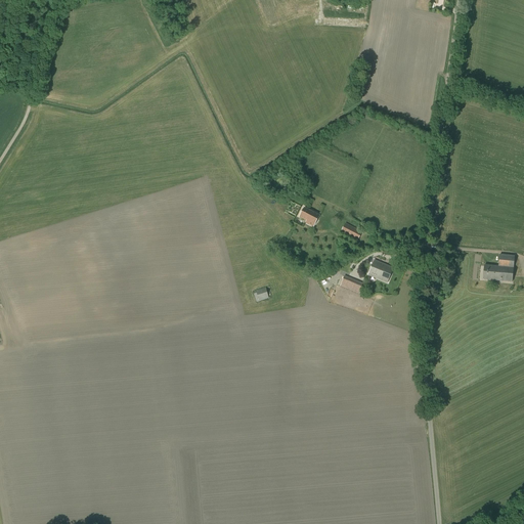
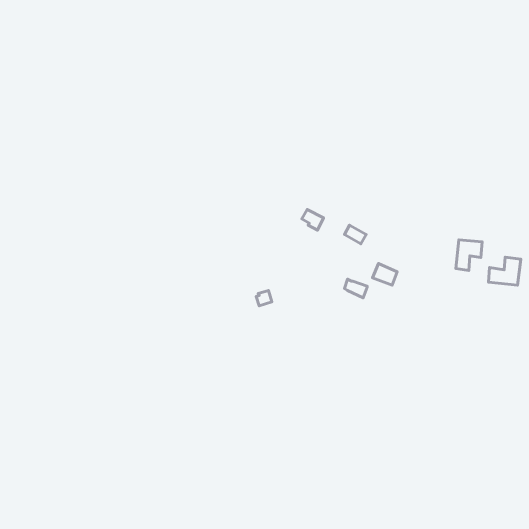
building: none -> [456,240,482,270]

